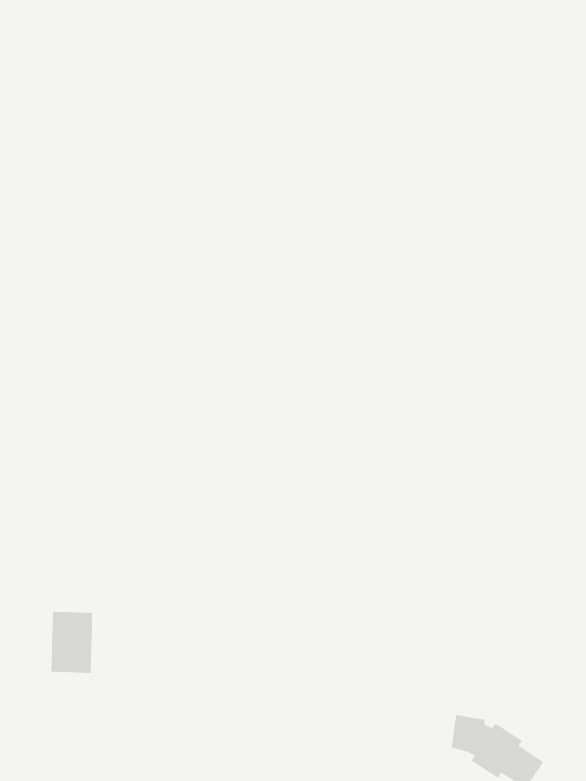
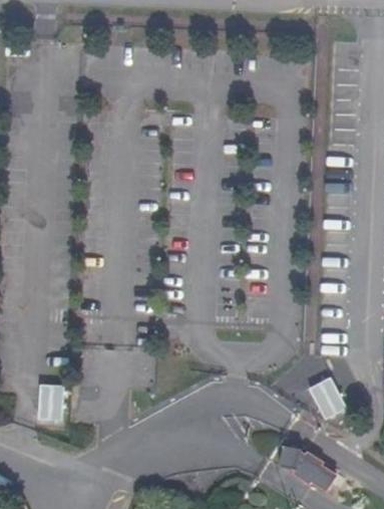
building: none -> [309,374,347,417]

